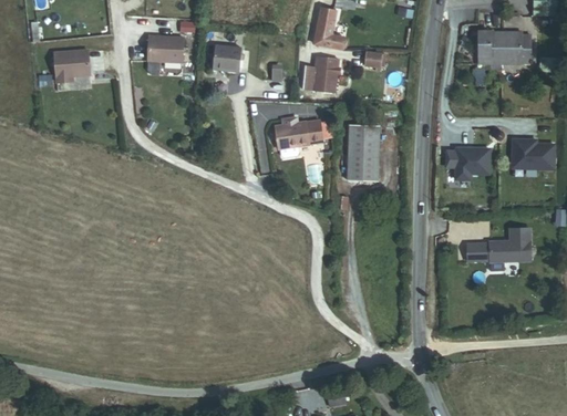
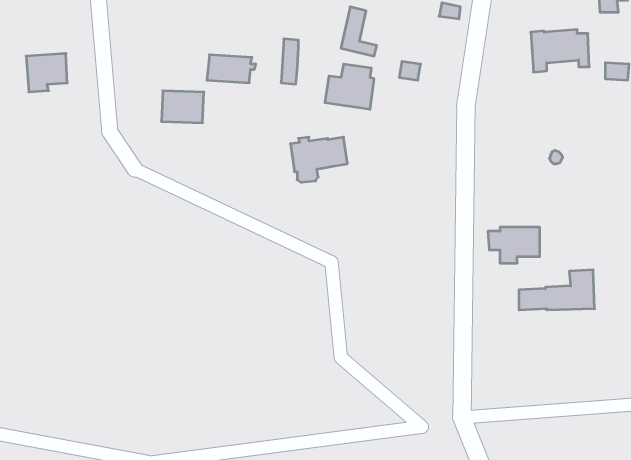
building: [148,33,184,60] -> [161,91,204,123]
building: [348,122,380,179] -> none
building: [511,141,551,168] -> none
building: [444,150,487,180] -> [488,227,540,263]

